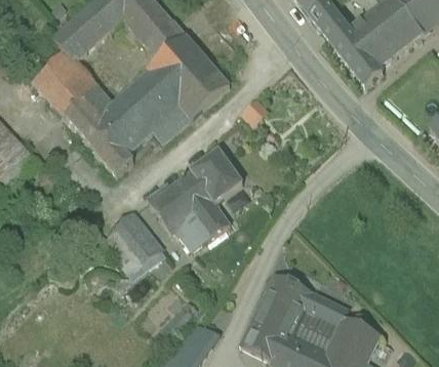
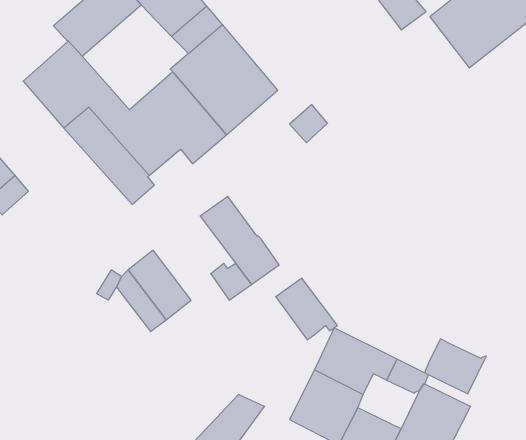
building: [326,24,383,86] -> none
building: [191,147,243,201] -> none
building: [149,183,197,232] -> [276,278,337,340]
building: [292,307,341,350] -> [425,339,486,394]

